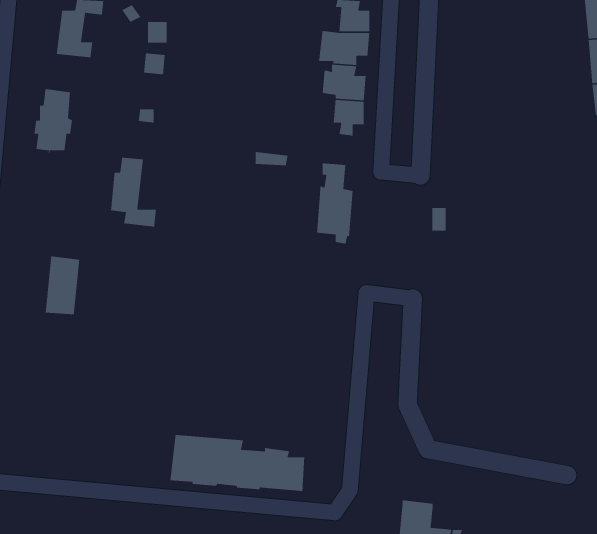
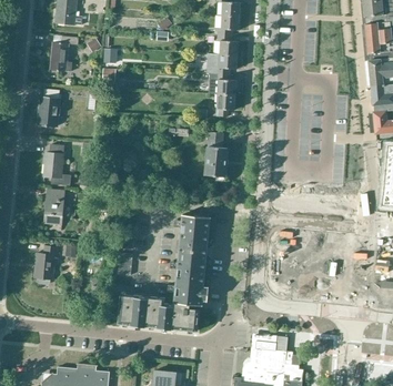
building: [110,157,157,228] -> [43,144,71,186]
building: none -> [174,215,211,306]
building: none -> [36,245,59,284]

